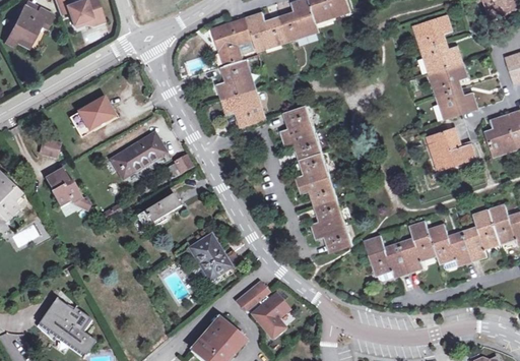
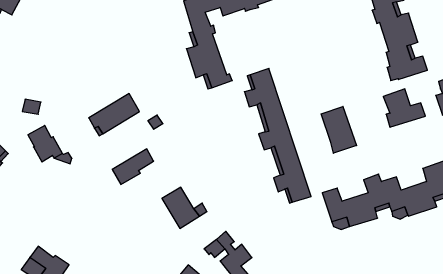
building: [70,97,116,134] -> none
building: none -> [321,106,357,153]

